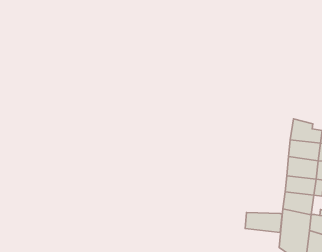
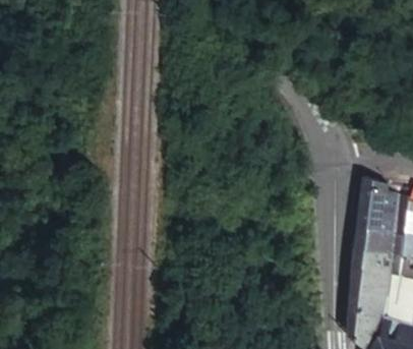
building: [245,212,282,233] -> none

